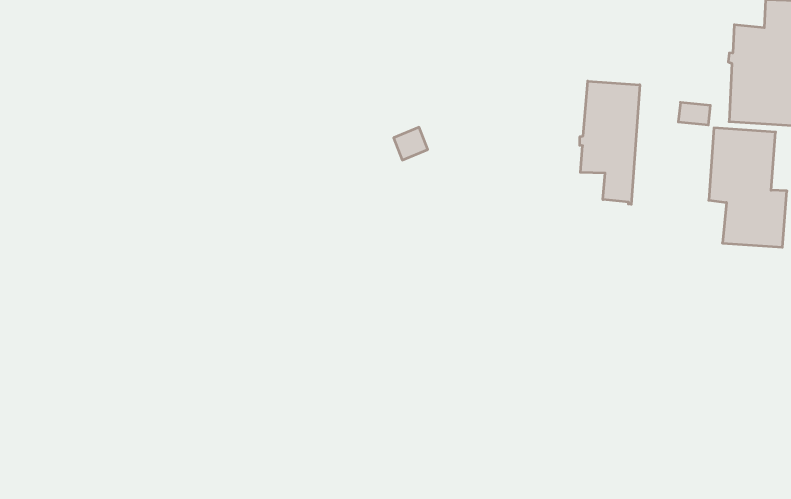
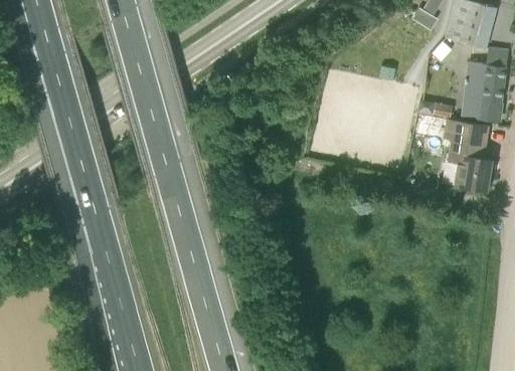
building: [580,81,640,204] -> none

